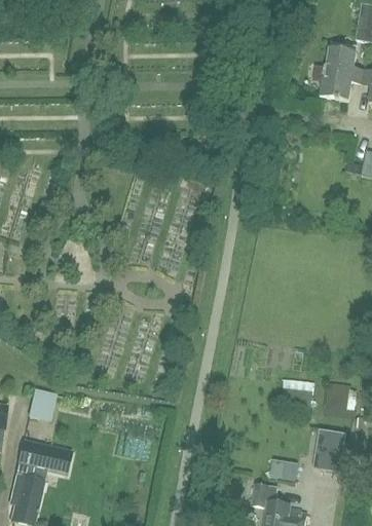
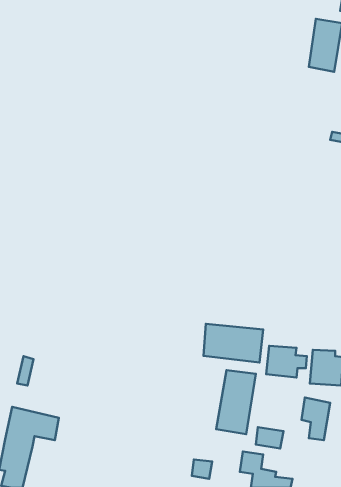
building: none -> [204,324,263,362]
building: none -> [216,370,256,434]

